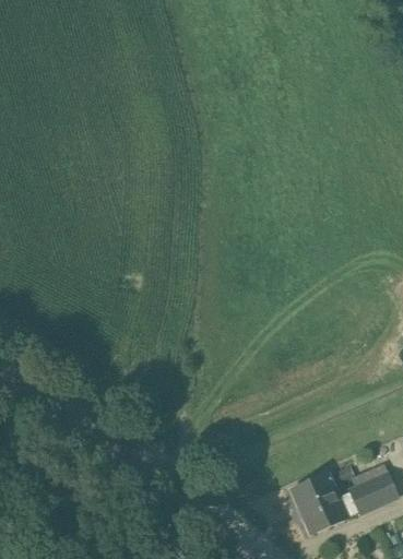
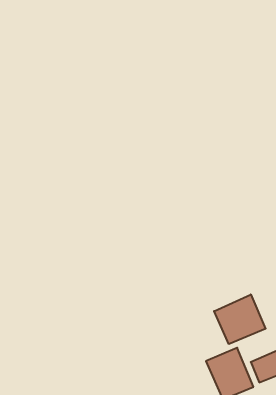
building: none -> [214,294,266,344]

